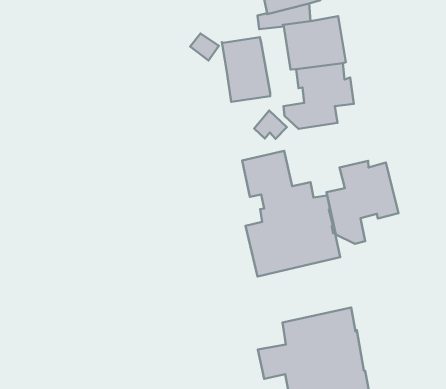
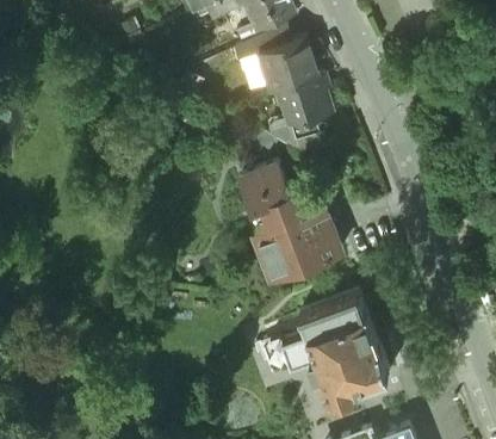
building: [222,37,270,102] -> none
building: [326,161,398,244] -> none

